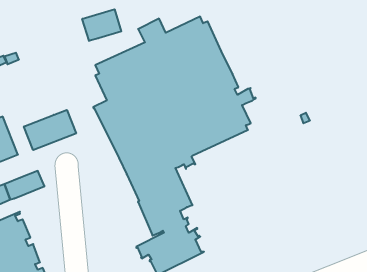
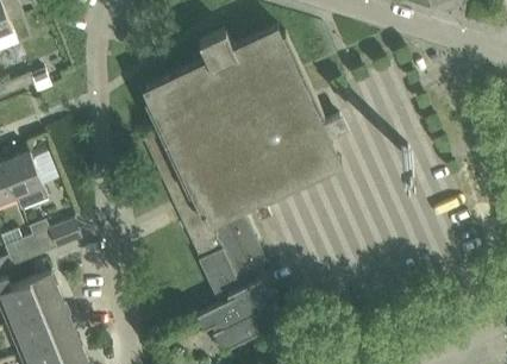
building: [82,9,121,41] -> none
building: [24,110,76,150] -> none

